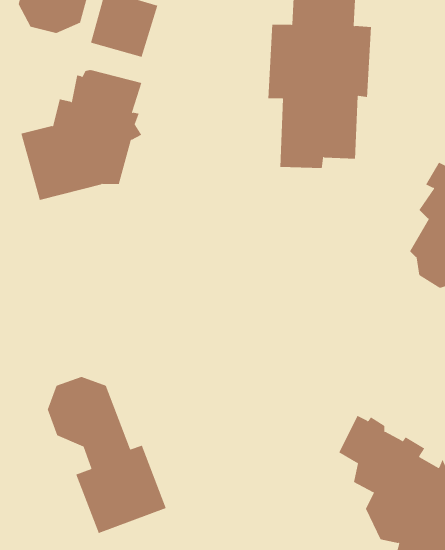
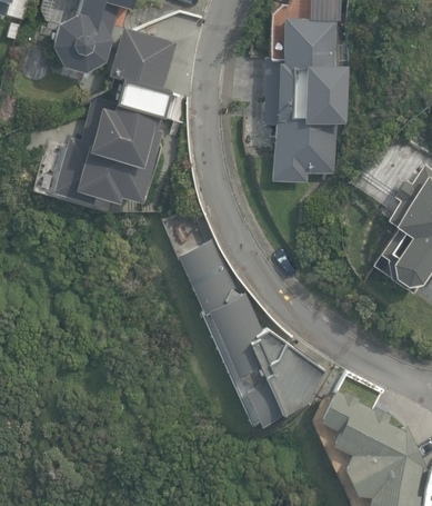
building: none -> [178,239,326,436]
building: [47,376,167,534] -> none

